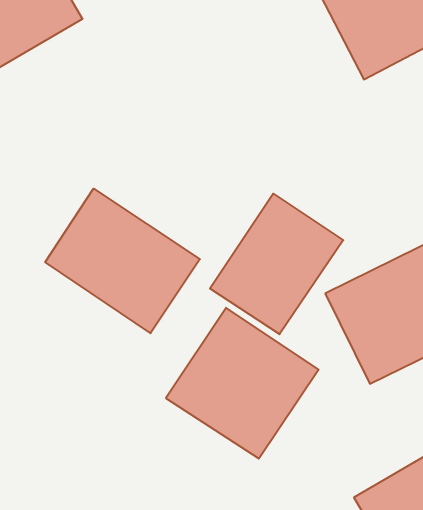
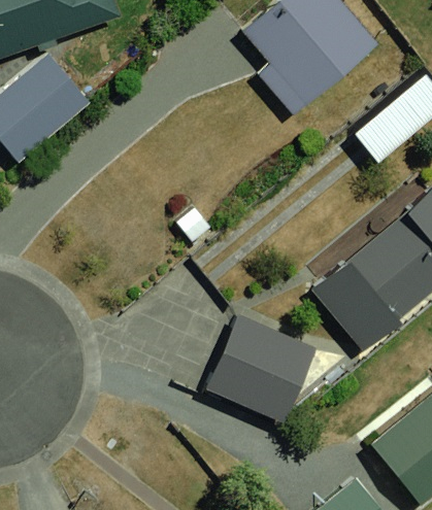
building: [45,189,200,333] -> none
building: [210,194,343,334] -> none

